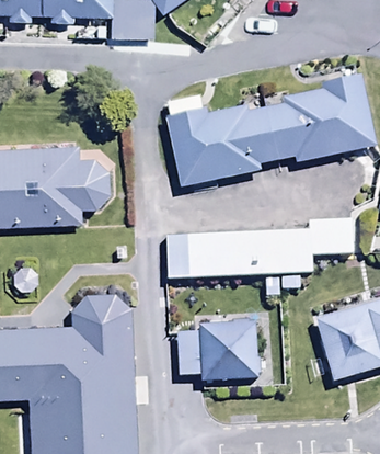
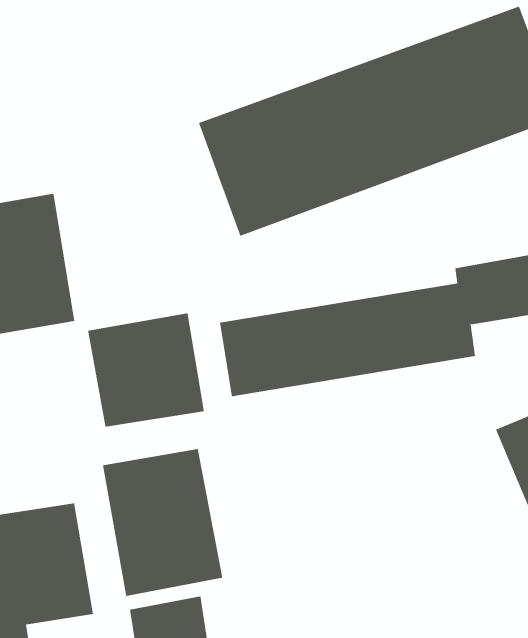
building: none -> [88,312,204,428]
building: [198,321,261,383] -> none

